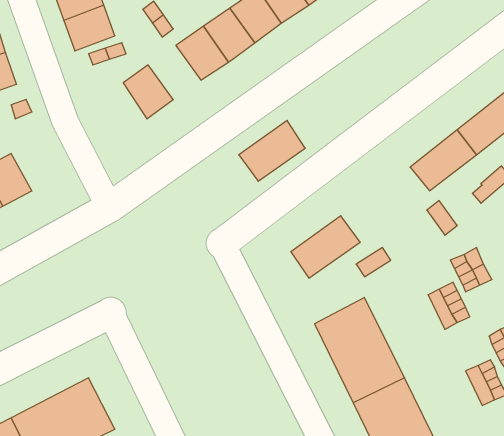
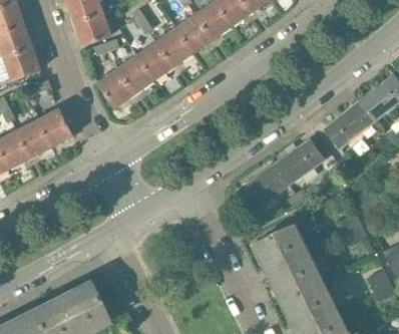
building: none -> [135,41,173,80]
building: none -> [97,68,134,107]
building: [239,120,305,181] -> [275,139,323,184]
building: none -> [36,107,73,146]

